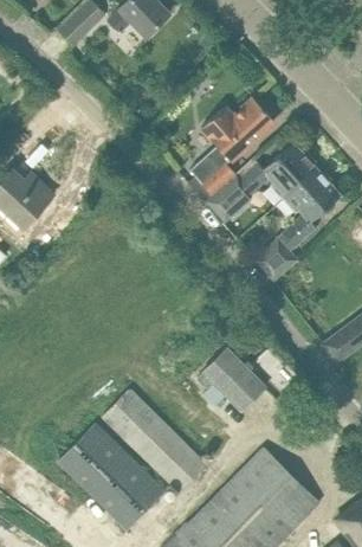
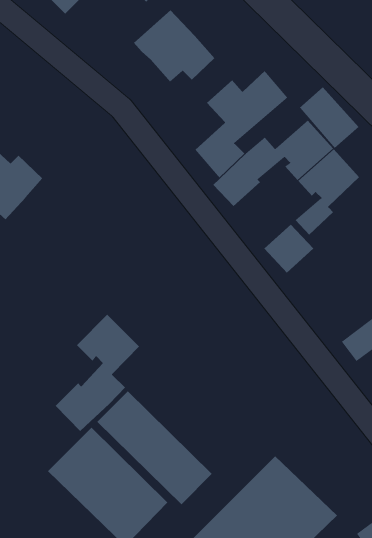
building: none -> [133,10,215,82]
building: none -> [298,86,359,149]
building: none -> [55,314,140,432]
building: [203,349,265,421] -> none

